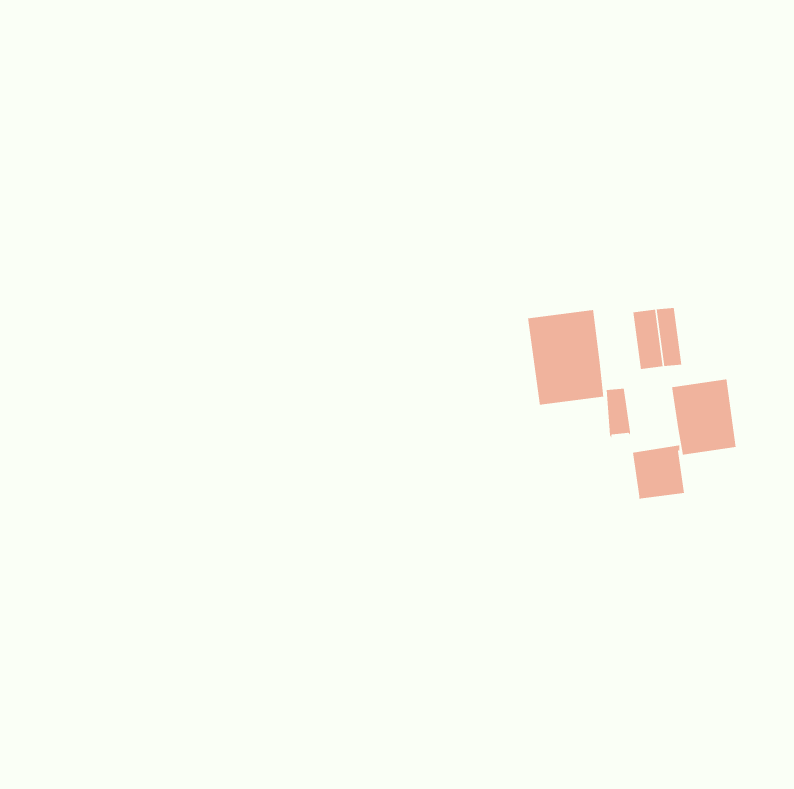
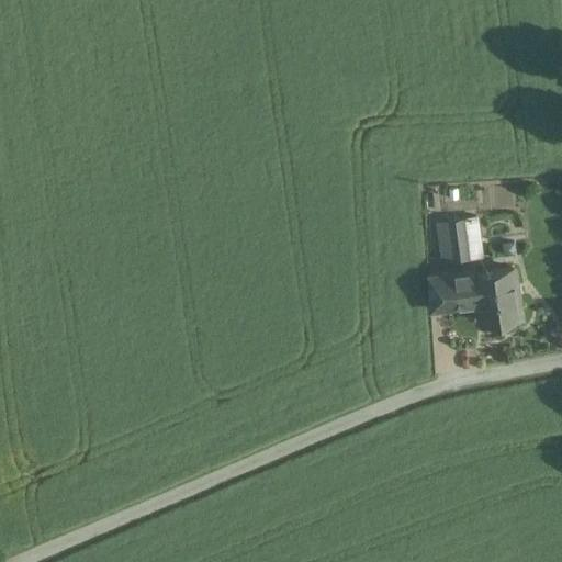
building: [527,309,604,406] -> none
building: [632,445,685,499] -> [441,272,479,311]

